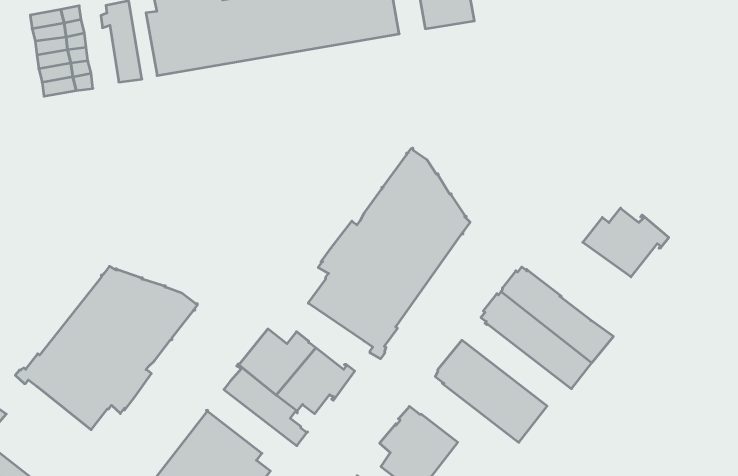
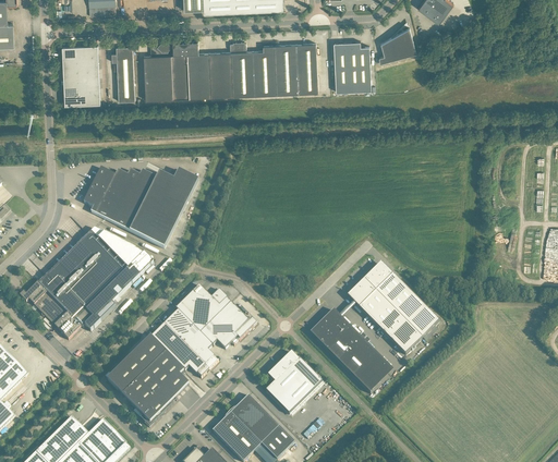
building: [308,148,470,359] -> none
building: none -> [83,168,198,248]
building: [583,208,669,277] -> none
building: none -> [149,324,209,378]

